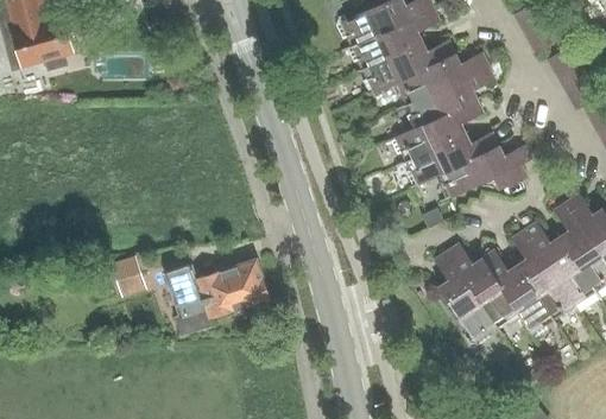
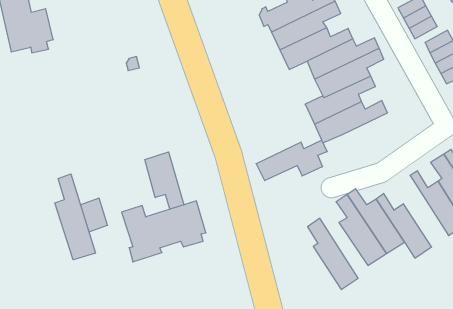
building: [443,145,534,196] -> [256,140,327,181]
building: none -> [145,152,184,209]
building: none -> [55,174,95,260]
building: [513,227,577,317] -> [308,218,358,290]

